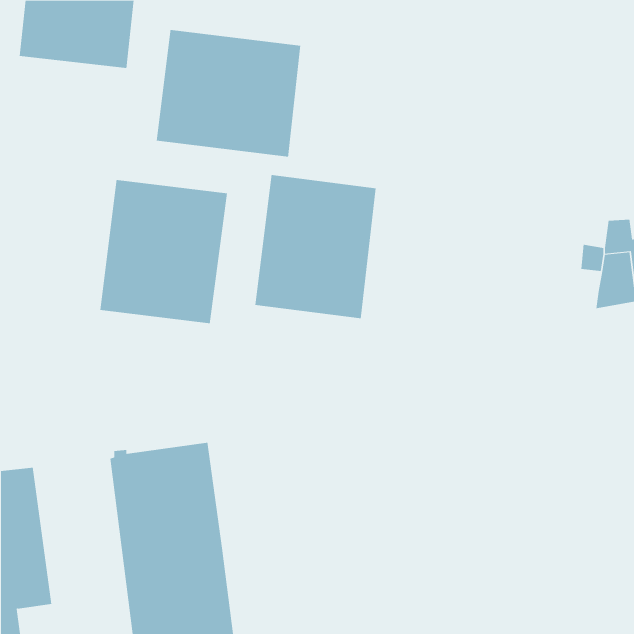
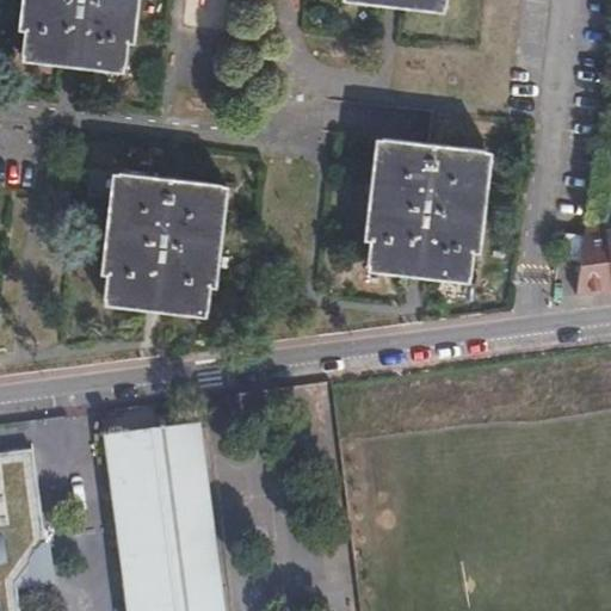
building: [156,29,301,158] -> none
building: [255,174,377,319] -> [364,140,481,278]

